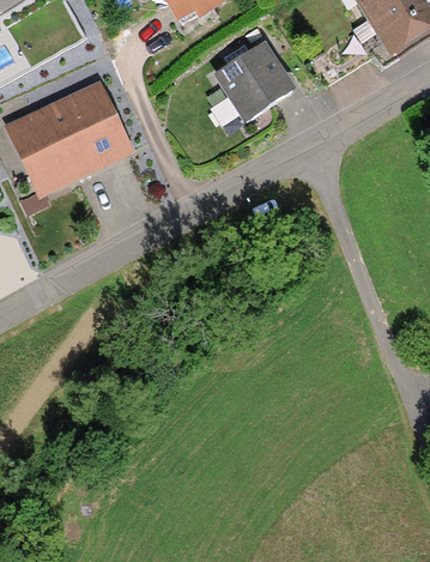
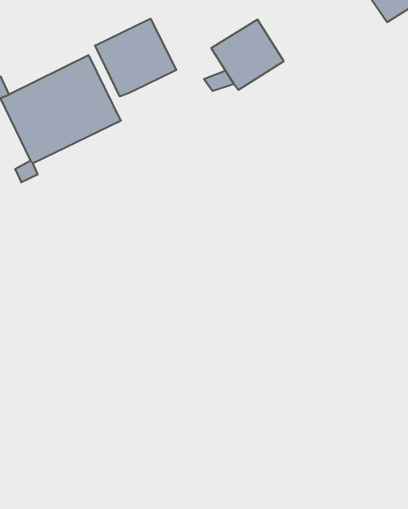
building: none -> [95,19,176,96]

